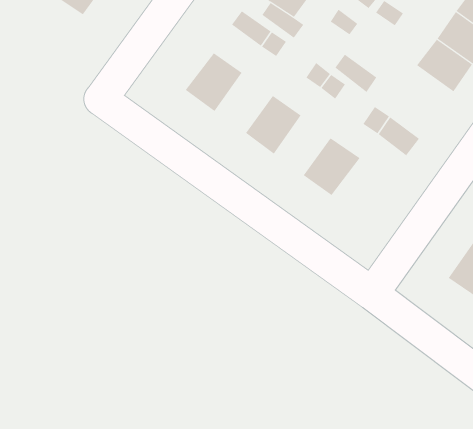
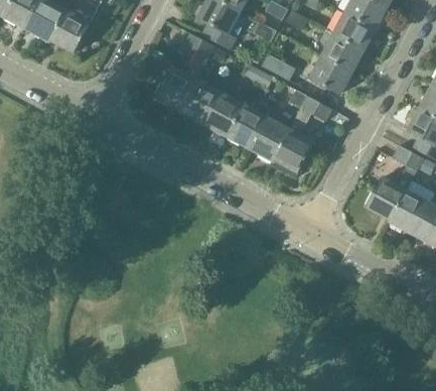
building: none -> [309,55,350,94]
building: none -> [178,79,219,122]
building: none -> [226,104,265,147]
building: none -> [272,129,312,172]

